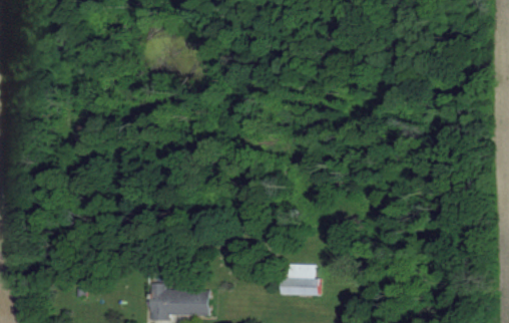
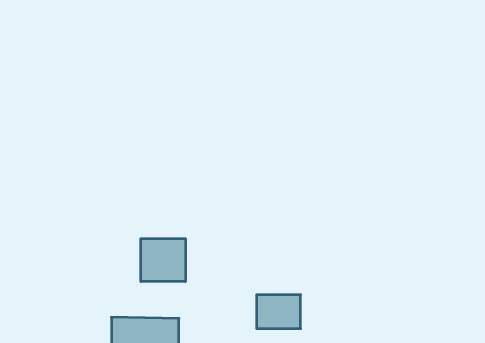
building: none -> [141,239,185,282]

